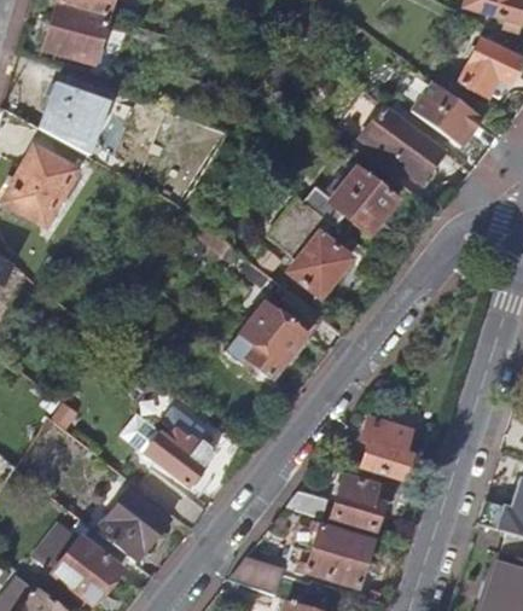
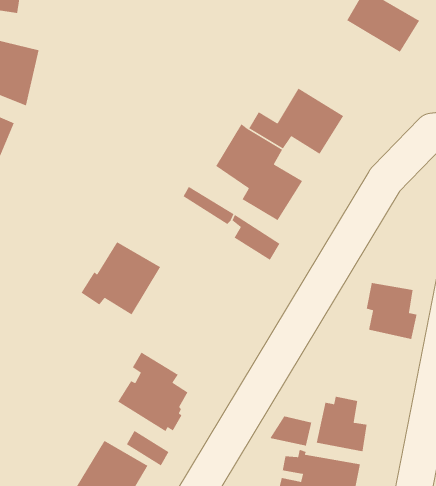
building: [362,107,446,185] -> none
building: [223,304,304,378] -> [80,241,161,315]
building: [361,418,411,478] -> [366,282,418,340]

